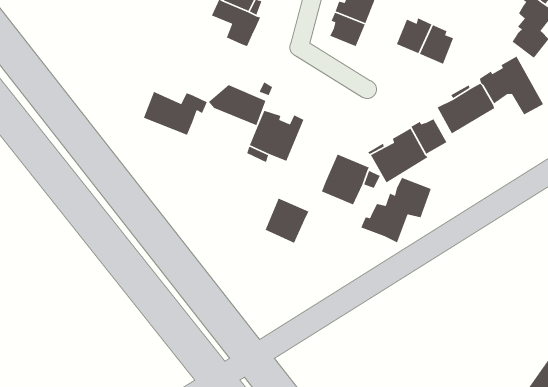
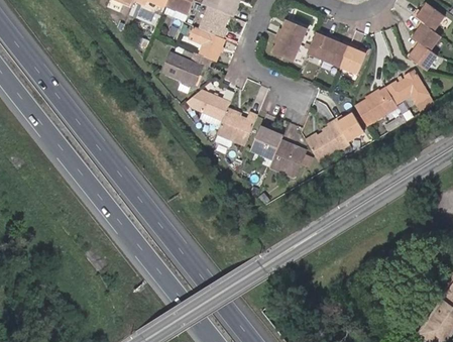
building: none -> [308,32,334,60]
building: [143,91,208,136] -> [160,51,209,85]
building: [360,177,432,244] -> none
building: [265,197,310,244] -> [249,126,282,160]

